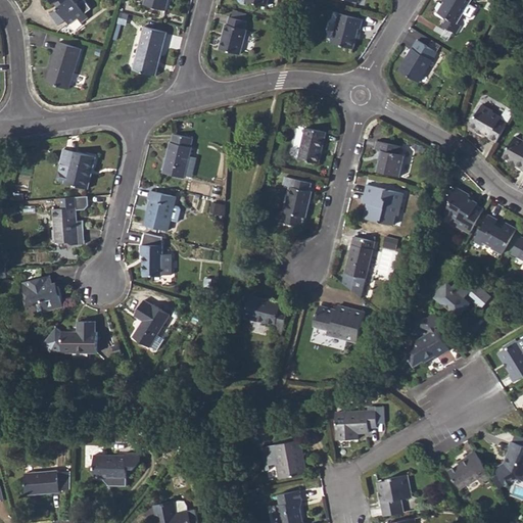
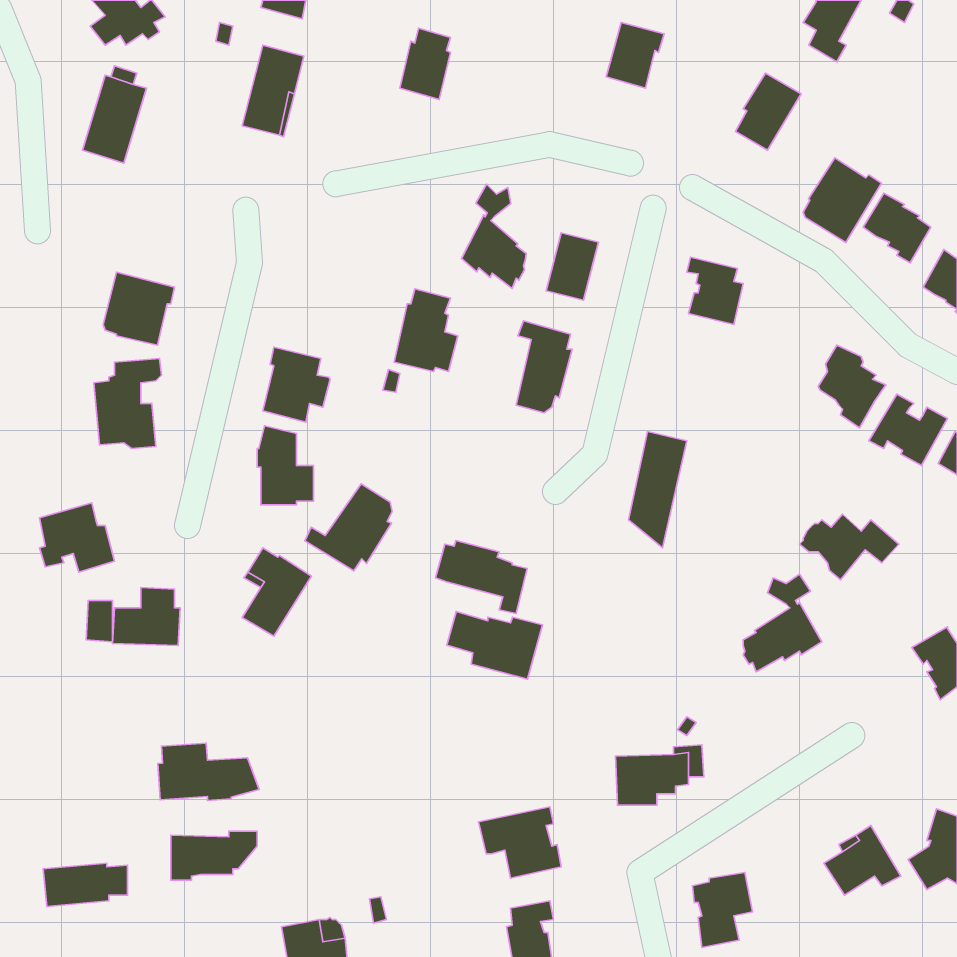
building: none -> [803,158,881,242]
building: none -> [461,184,526,289]
building: [161,134,196,179] -> [394,289,458,371]
building: [362,184,402,226] -> none
building: none -> [305,484,392,571]
building: [313,305,365,342] -> [447,612,542,679]
building: none -> [158,743,259,800]

